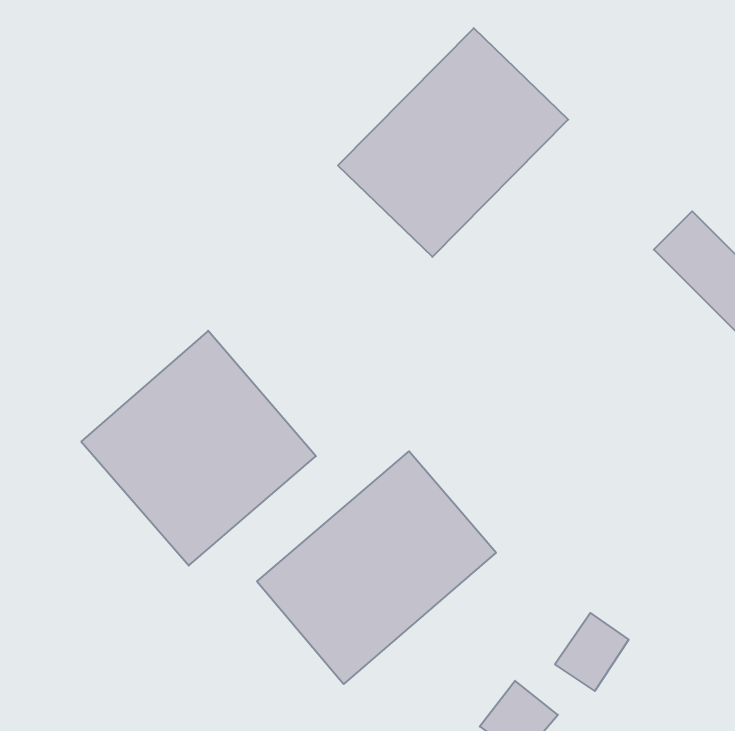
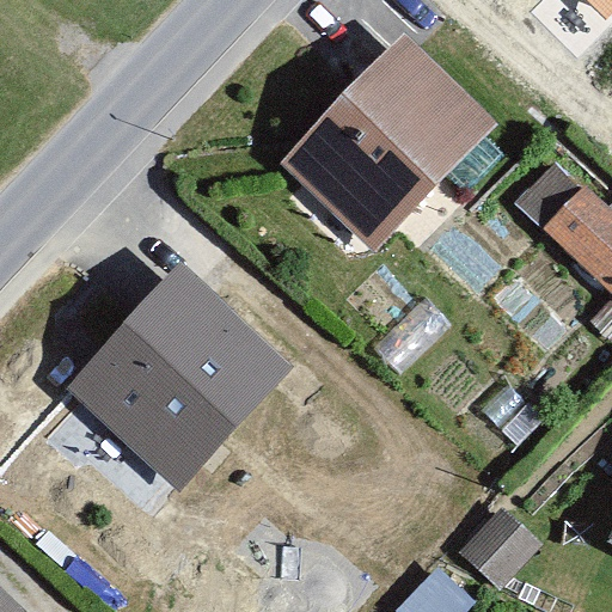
building: [257,451,496,684] -> none

